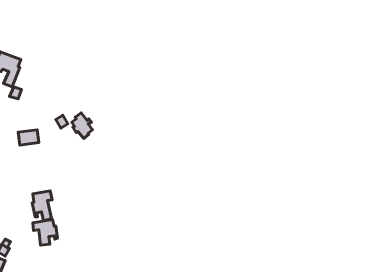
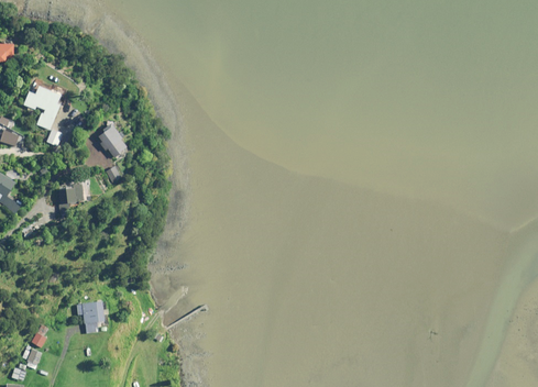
building: [72,113,92,138] -> [99,124,125,157]
building: [32,191,52,221] -> none

